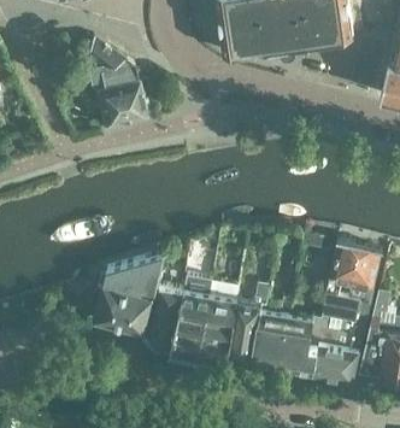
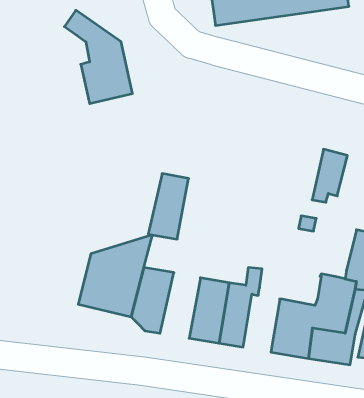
building: [327,244,360,294] -> [312,149,347,202]
building: [172,291,211,353] -> [148,174,189,239]
building: [252,300,292,367] -> none

